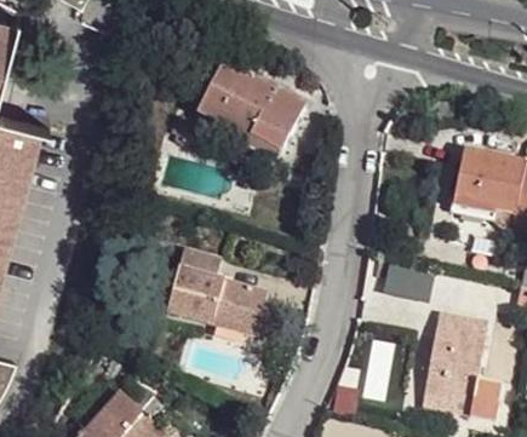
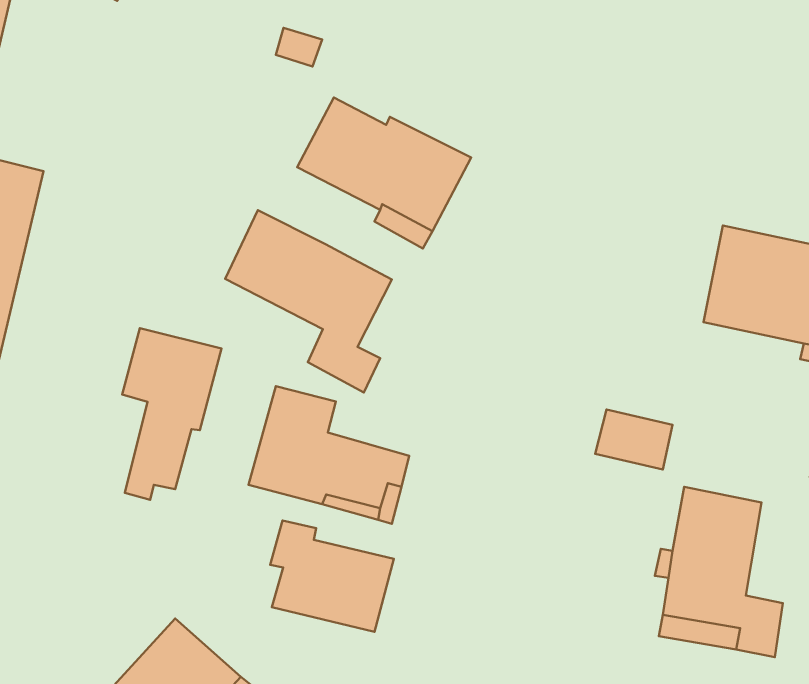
building: none -> [225,210,392,392]
building: none -> [122,328,221,500]
building: none -> [270,520,394,632]

